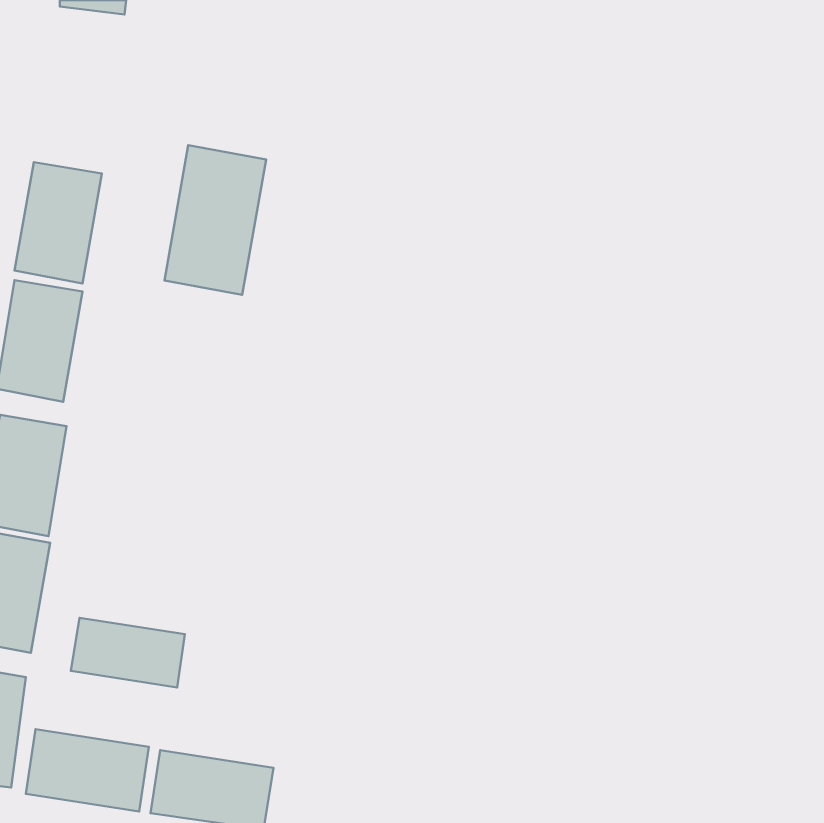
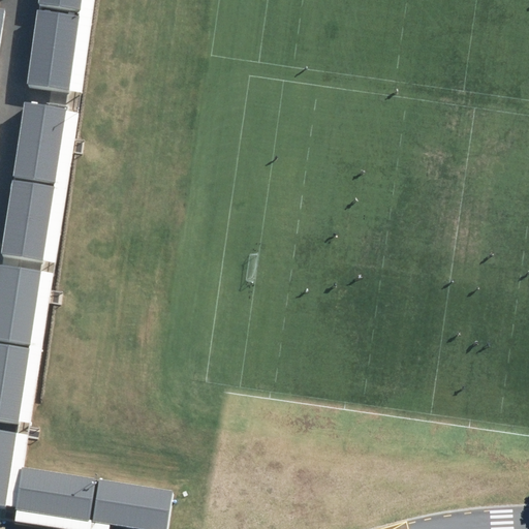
building: none -> [25,13,80,92]
building: [164,145,266,295] -> none
building: [71,618,185,688] -> none

